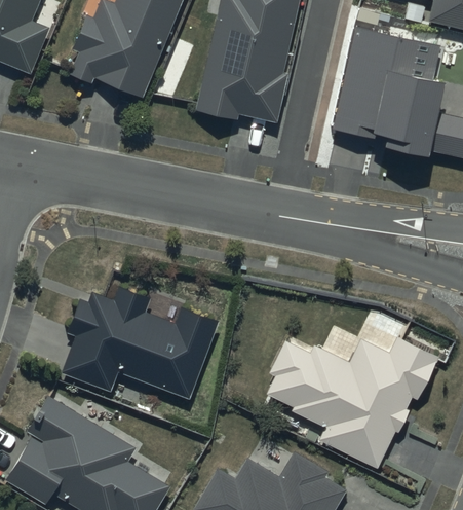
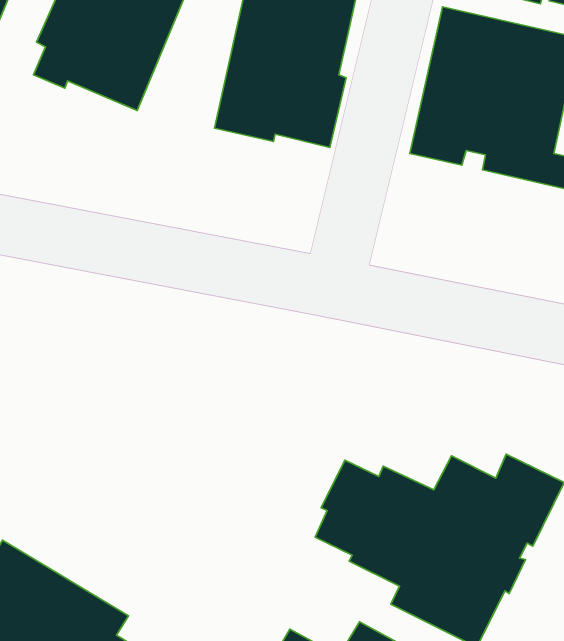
building: [63,285,218,408] -> none

